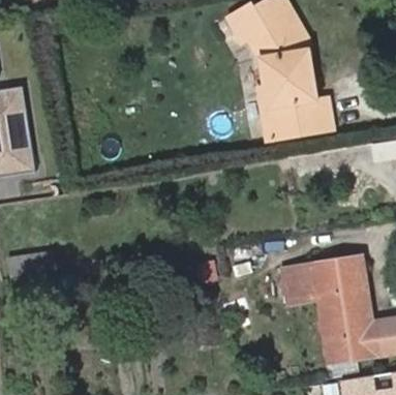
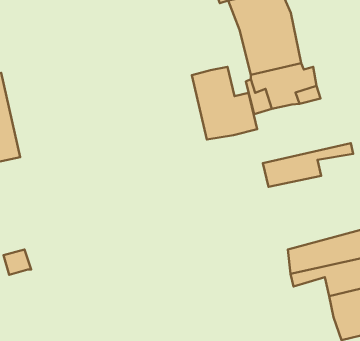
building: none -> [192,67,257,140]
building: none -> [263,143,353,187]

